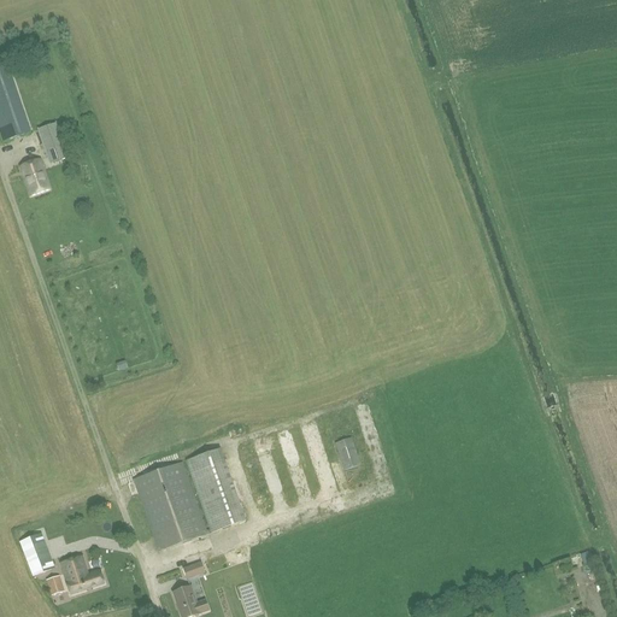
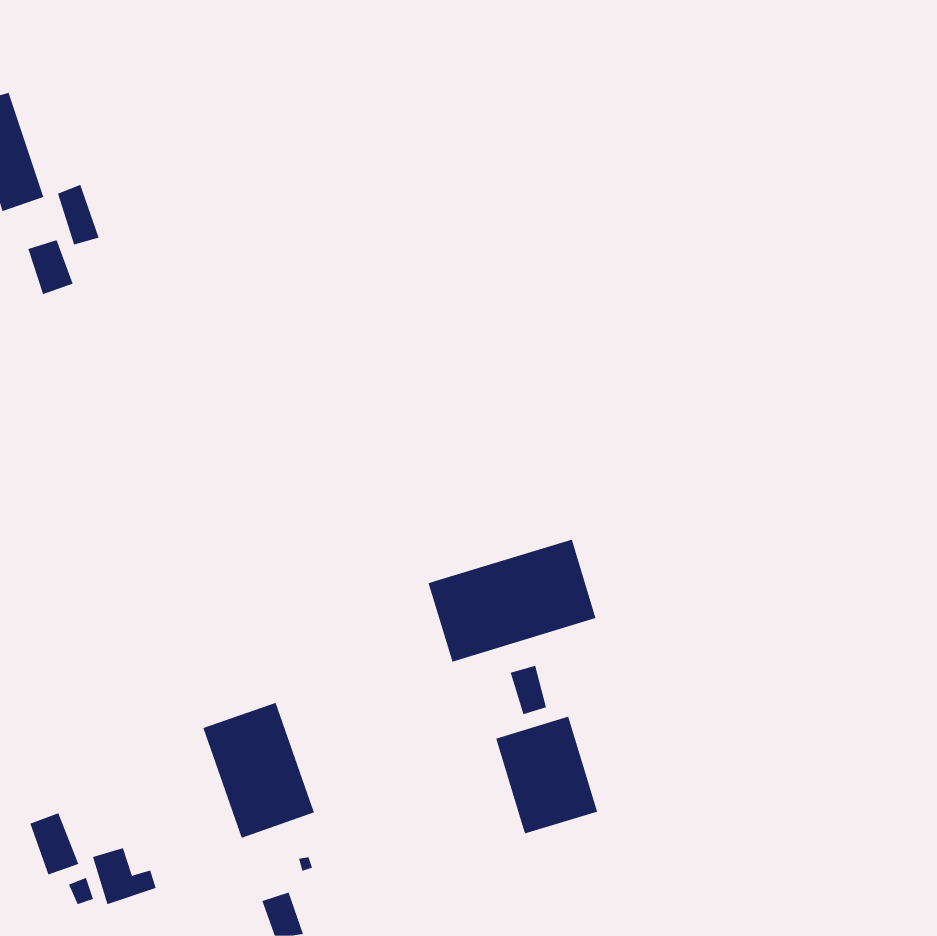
building: none -> [428,539,596,662]
building: [183,447,242,531] -> none
building: none -> [496,716,598,834]

